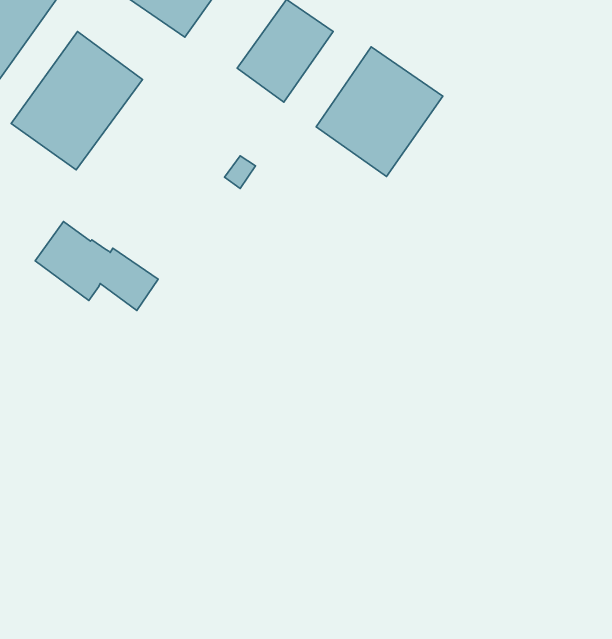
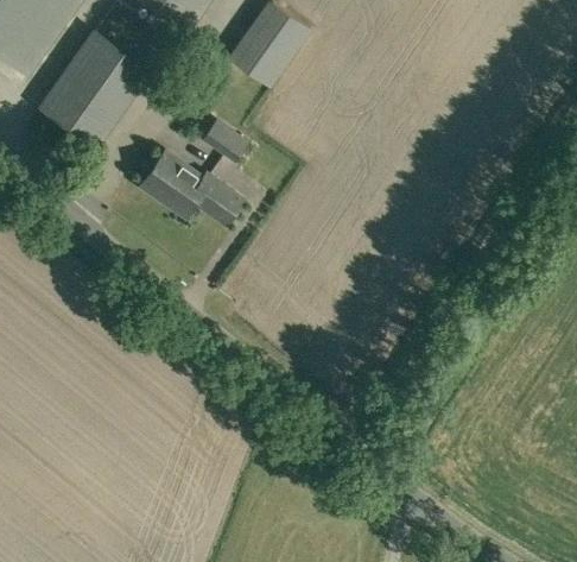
building: [316,47,443,176] -> none
building: [35,221,158,310] -> [138,150,241,225]

